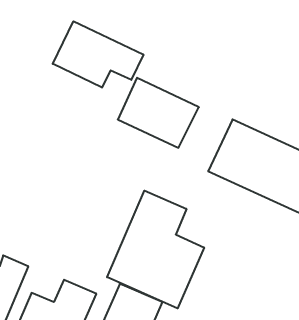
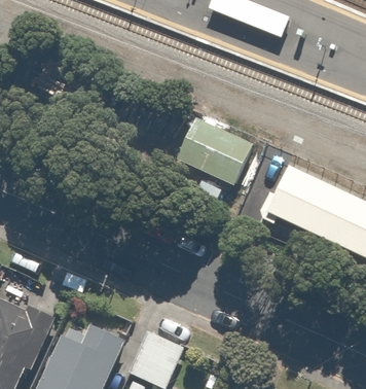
building: [53,21,143,88] -> none
building: [107,191,204,308] -> none

